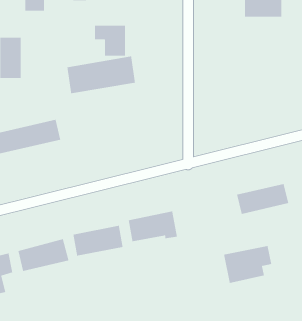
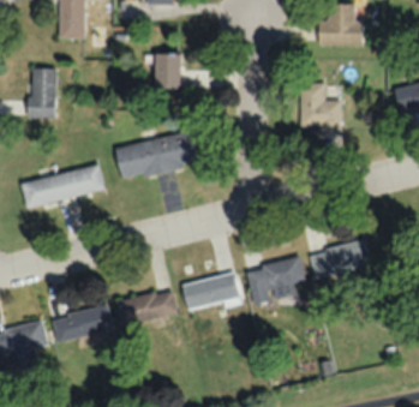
building: none -> [299,83,340,131]
building: [66,55,136,94] -> [114,133,196,179]
building: [223,245,272,284] -> [246,258,304,304]

